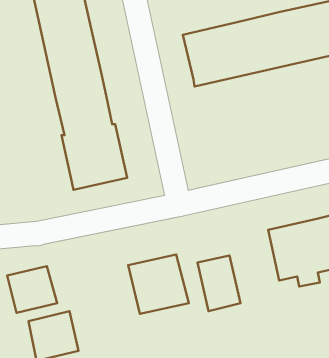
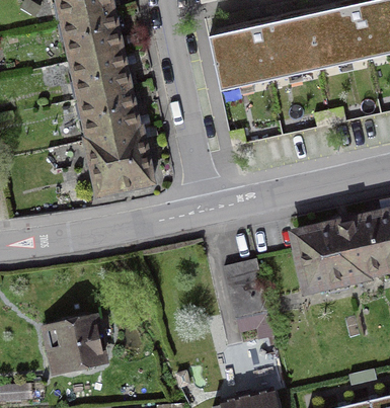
building: [128,255,189,314] -> none
building: [7,266,57,313] -> none

